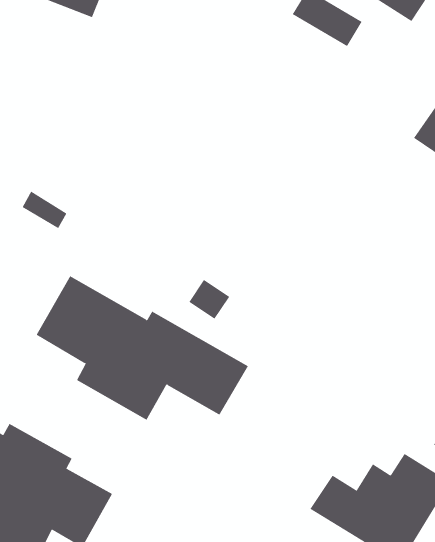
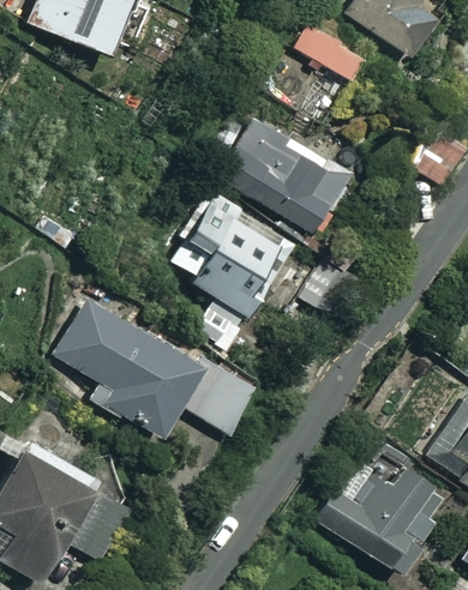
building: none -> [221,131,350,235]
building: none -> [168,194,293,317]

